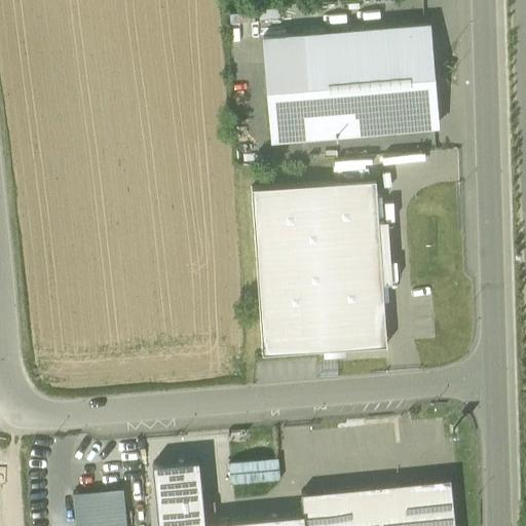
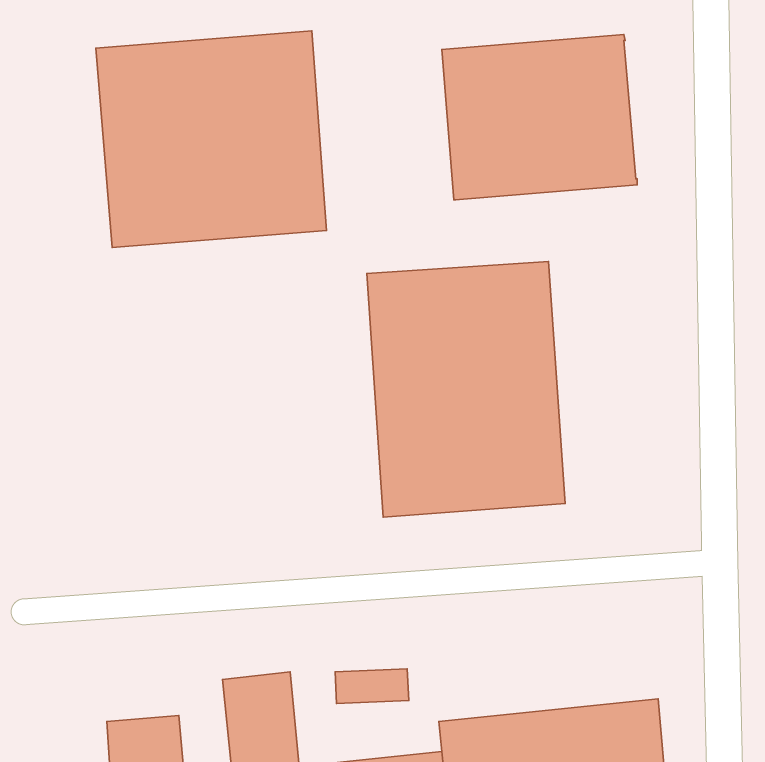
building: none -> [96,31,327,248]
building: [264,38,312,144] -> none

